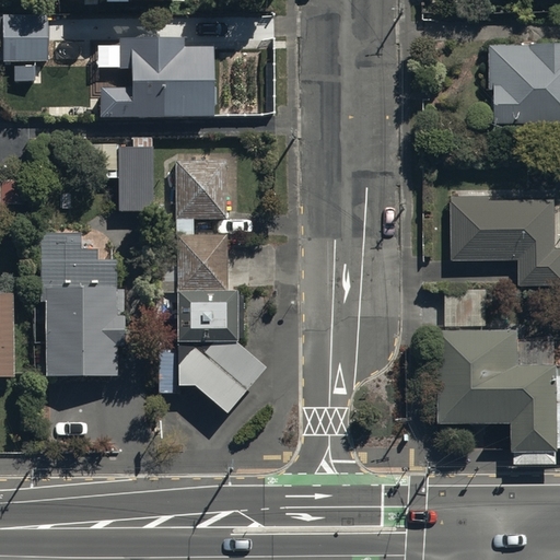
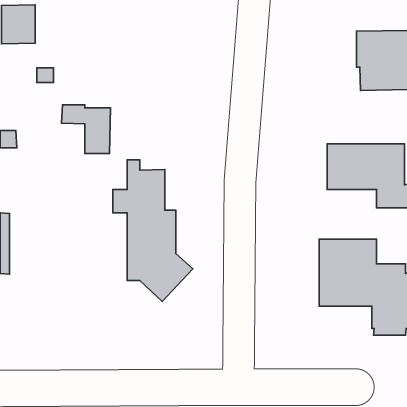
building: [100,36,213,117] -> none
building: [175,161,236,220] -> none
building: [39,232,125,374] -> none

